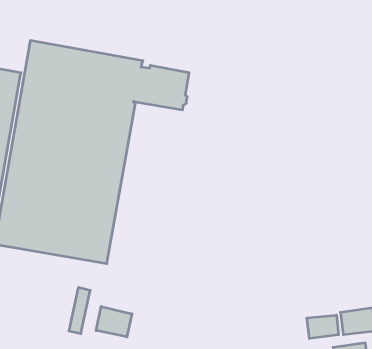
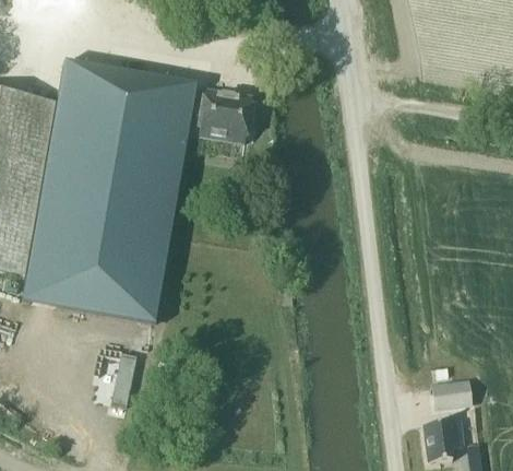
building: [96,306,132,337] -> none
building: [307,315,339,339] -> none

